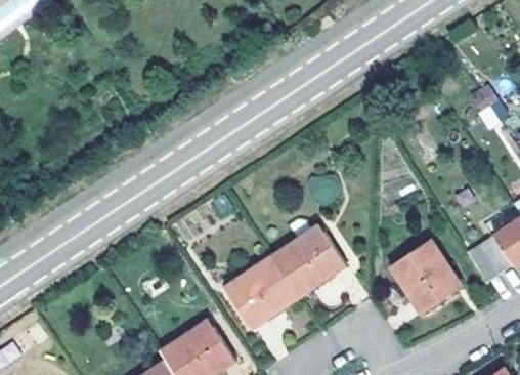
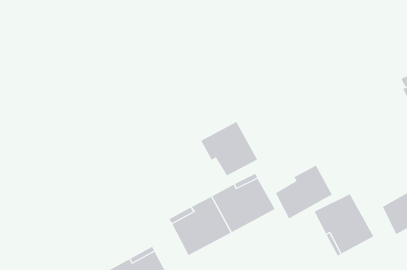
building: none -> [201,121,258,176]
building: none -> [275,165,333,219]

